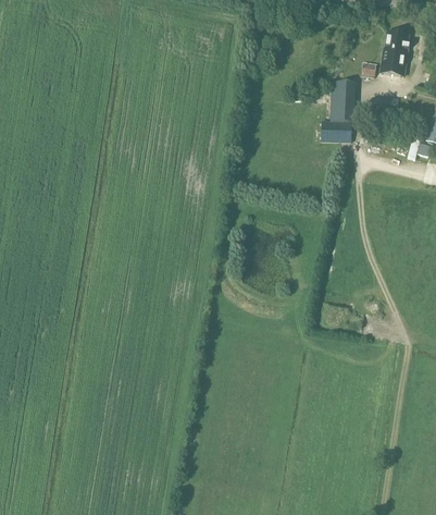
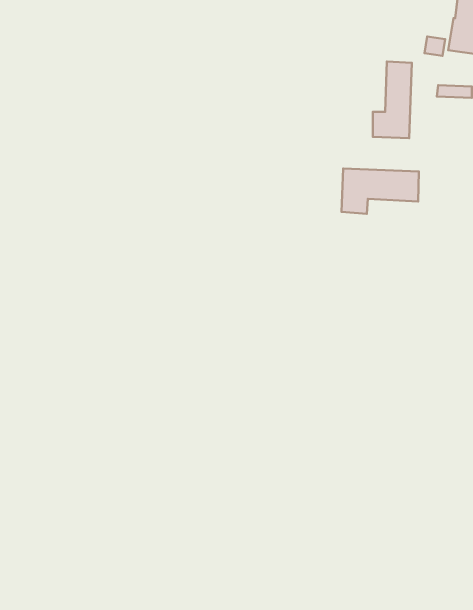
building: none -> [342,169,419,214]

